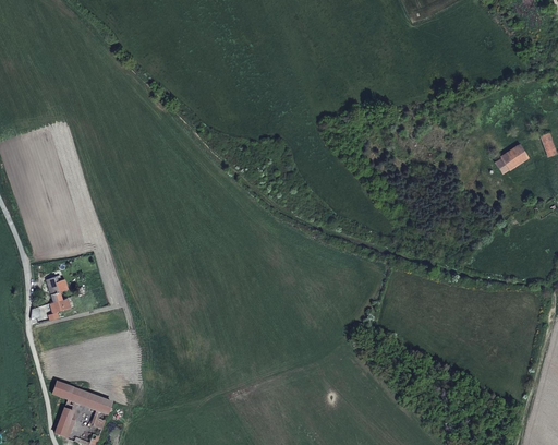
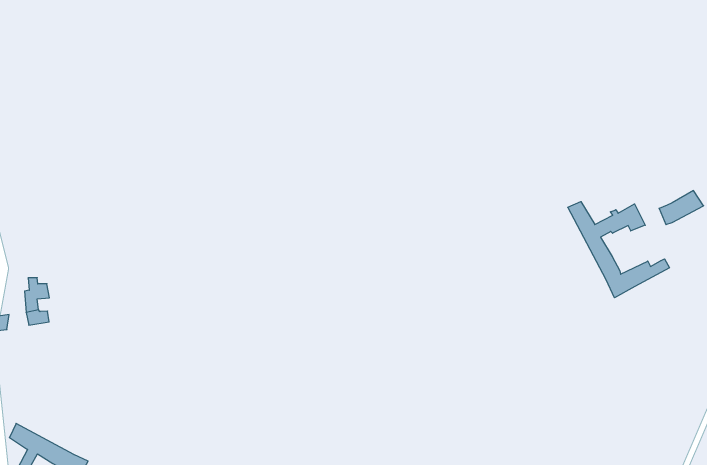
building: none -> [568,202,669,298]

